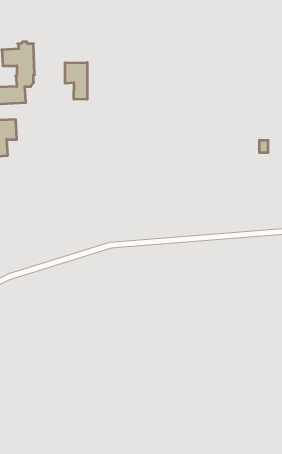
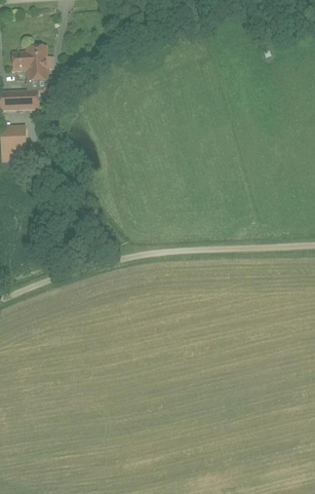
building: [65,62,87,99] -> none

